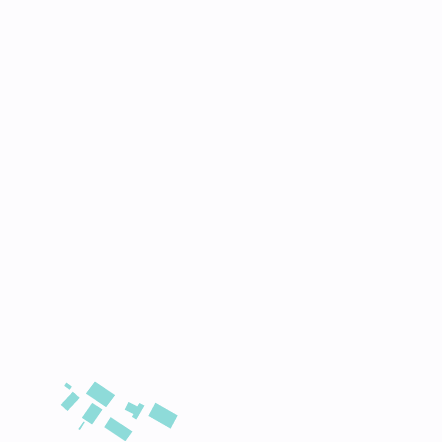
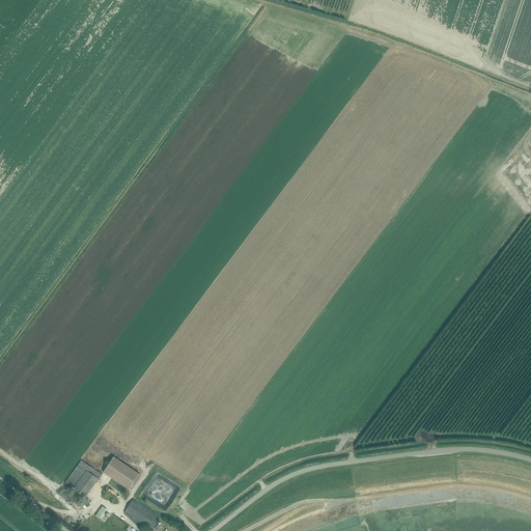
building: [148,402,178,430] -> none
building: [81,402,103,426] -> none

